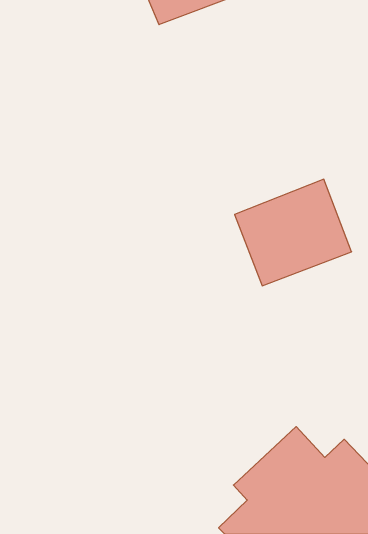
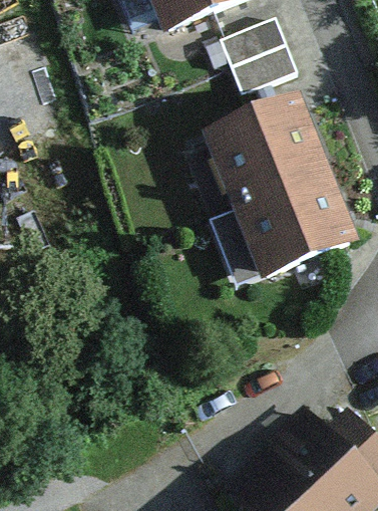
building: none -> [221,18,297,94]
building: none -> [210,107,320,208]

